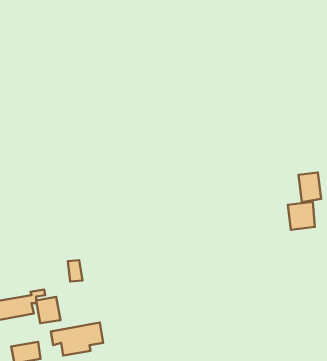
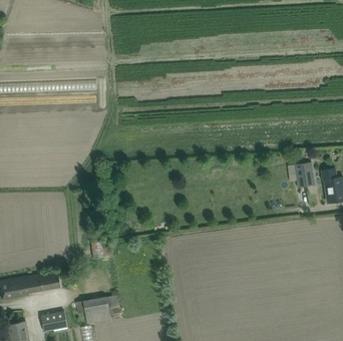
building: [288,202,315,230] -> none
building: [36,297,61,323] -> none

